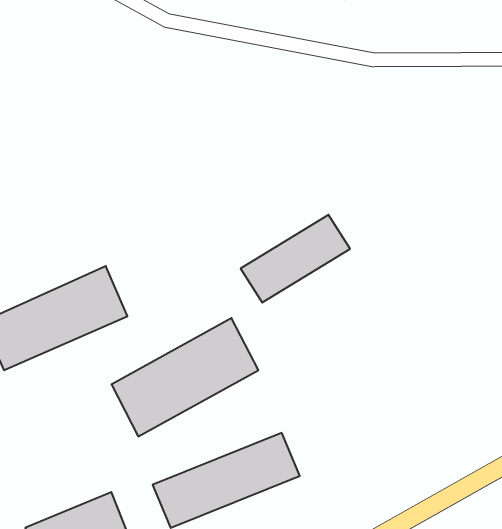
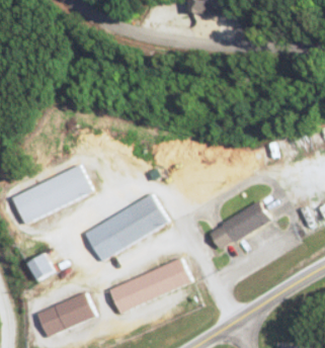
building: [241,215,350,303] -> [209,201,270,251]
building: none -> [28,254,54,280]

